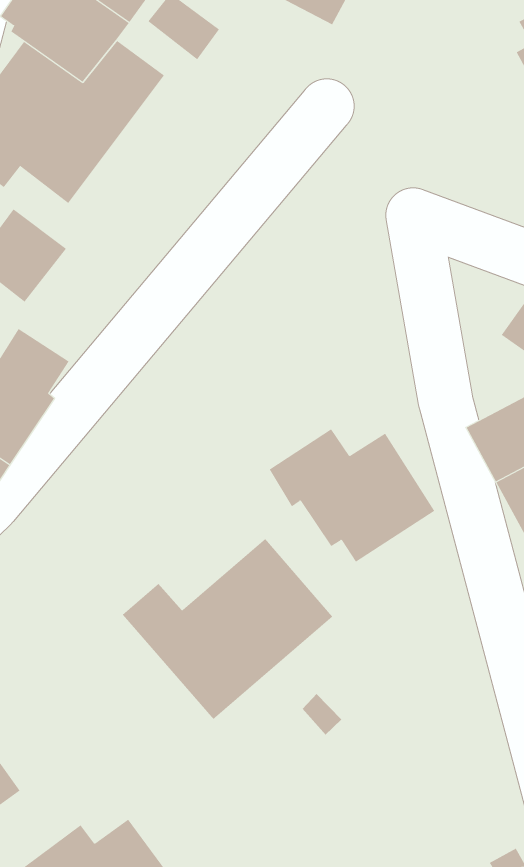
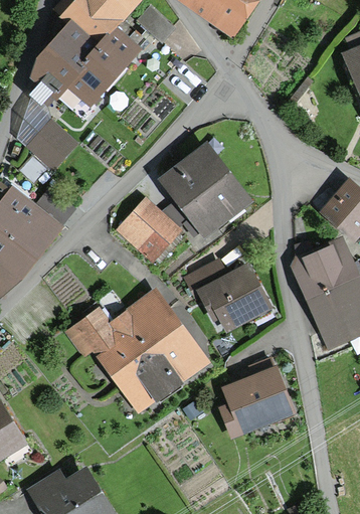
building: none -> [115,141,252,263]
building: none -> [63,287,177,357]
building: none -> [217,356,296,440]

